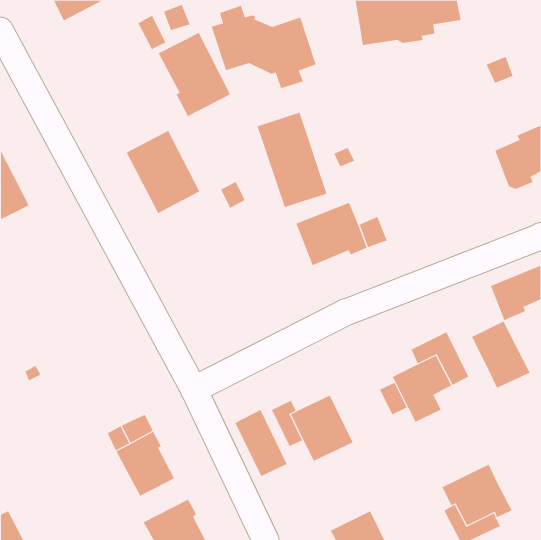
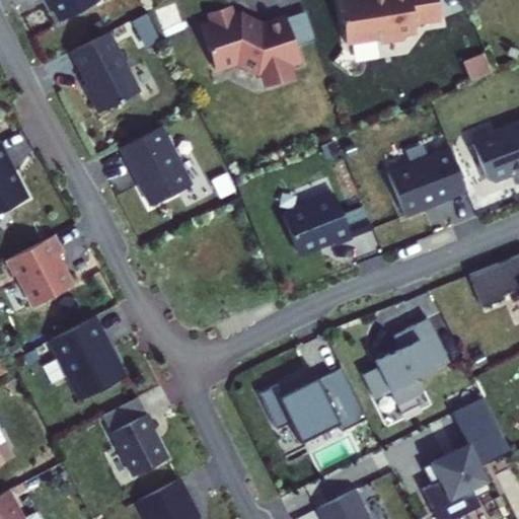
building: [158,32,231,117] -> [71,31,141,113]
building: [257,112,327,208] -> none
building: none -> [388,148,467,216]
building: none -> [6,235,73,306]
building: [471,321,530,389] -> [452,397,509,462]
building: none -> [51,316,128,399]
building: [234,409,287,477] -> [316,366,367,431]

